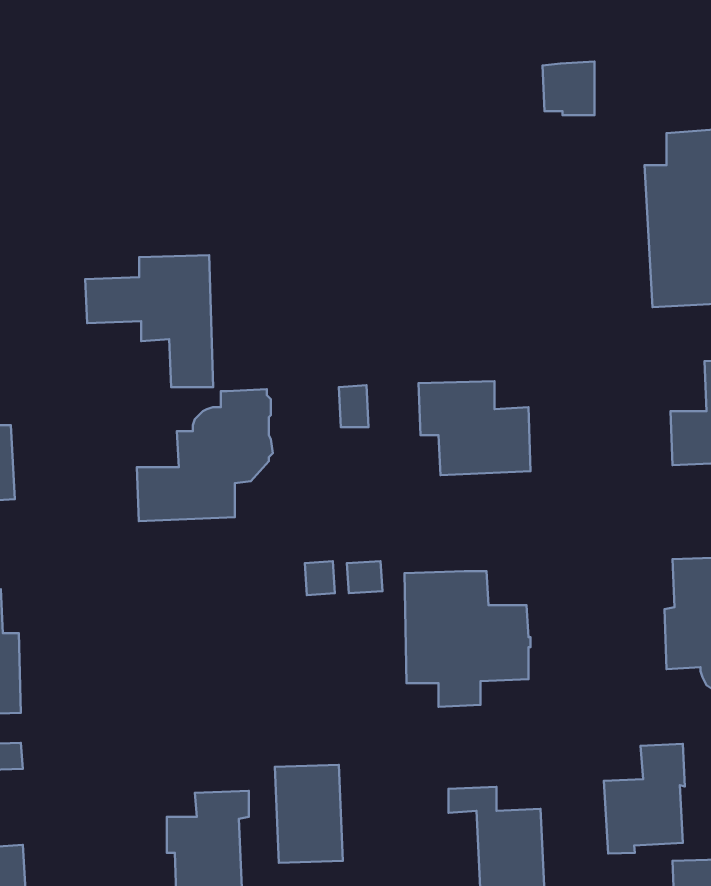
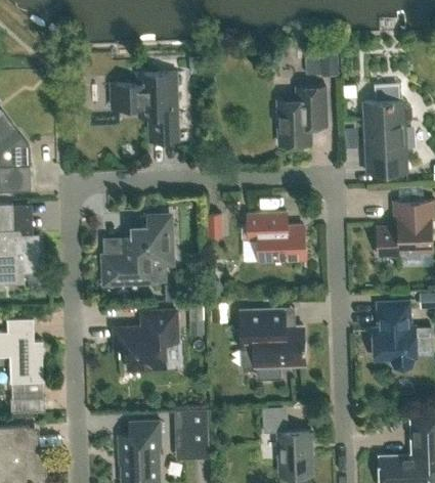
building: none -> [274,87,327,145]
building: [85,255,213,387] -> [112,74,177,141]
building: none -> [115,312,177,369]
building: [604,744,685,854] -> none

